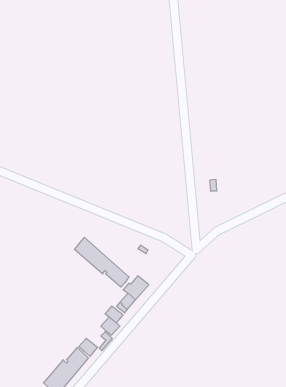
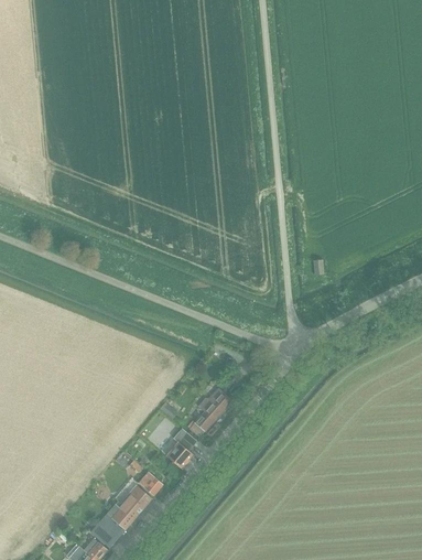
building: [74,237,129,287] -> none

